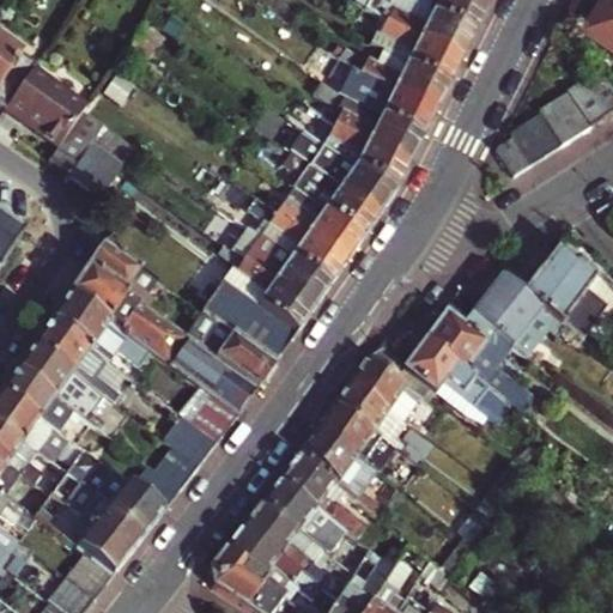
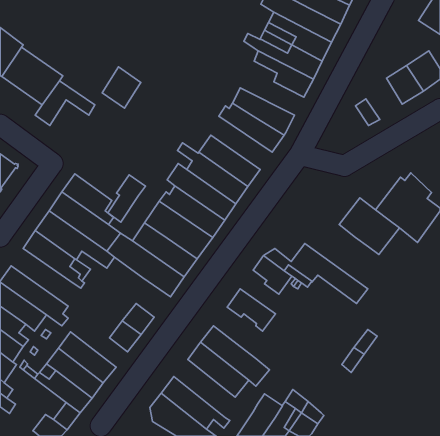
building: [315,80,423,160] -> none
building: [509,114,558,164] -> none
building: [69,139,123,196] -> [102,67,141,108]
building: [281,151,378,236] -> none
building: none -> [108,175,145,222]
building: [424,312,534,411] -> none
building: [16,346,104,429] -> none
building: [334,376,406,443] -> none
building: [176,387,237,442] -> none
building: [301,427,376,499] -> none
building: [129,465,177,511] -> none
building: [242,500,322,582] -> none

